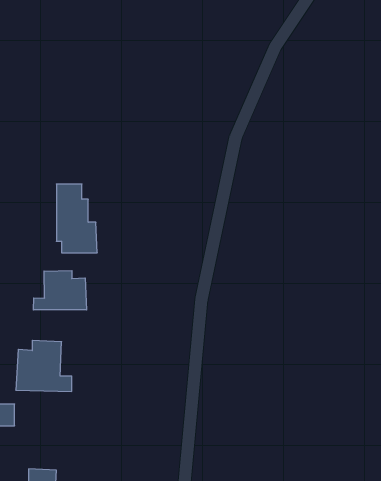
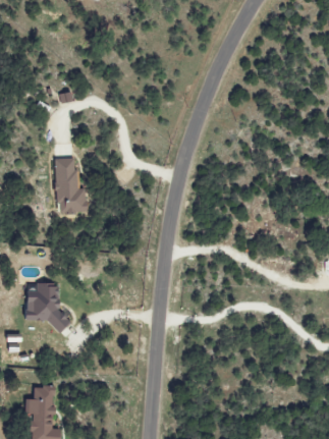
building: [33,271,87,310] -> none

